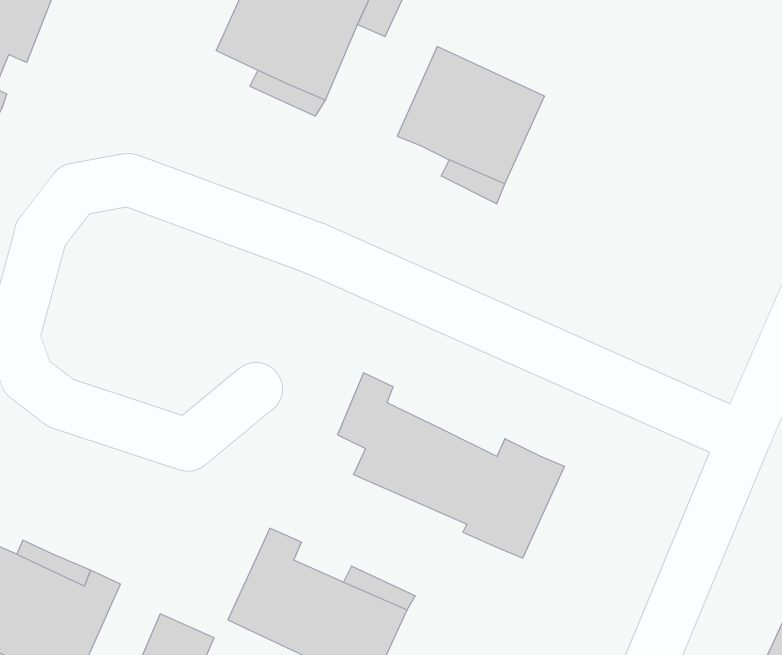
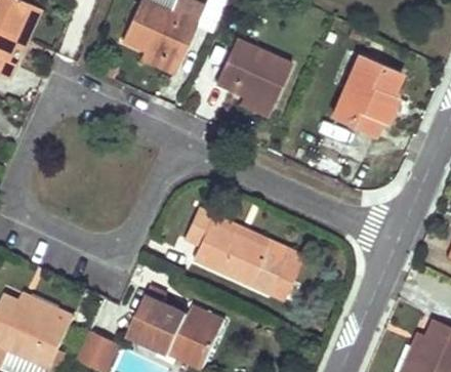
building: none -> [332,55,401,136]

